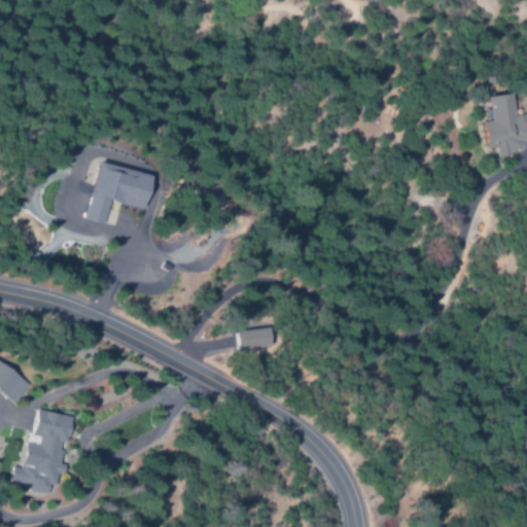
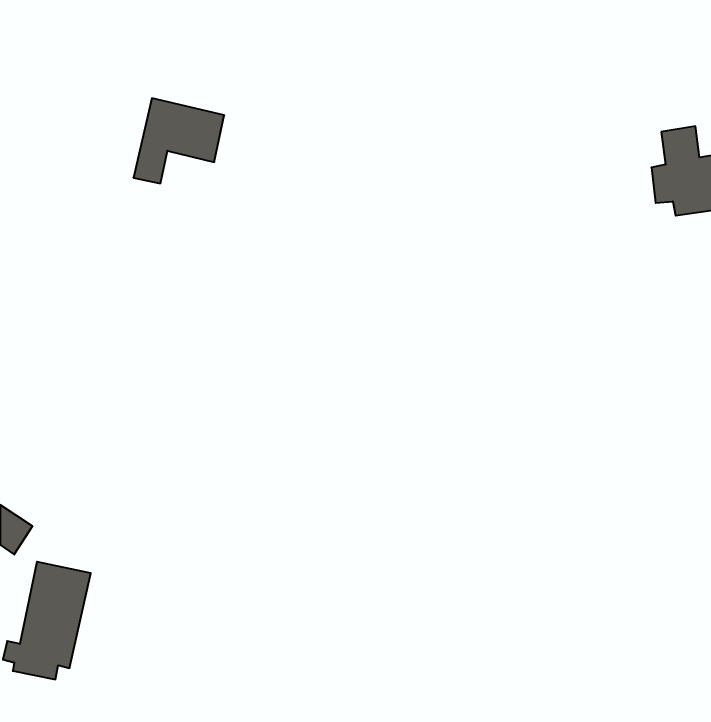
building: [86,162,152,223] -> [133,98,224,183]
building: [239,327,273,349] -> none

